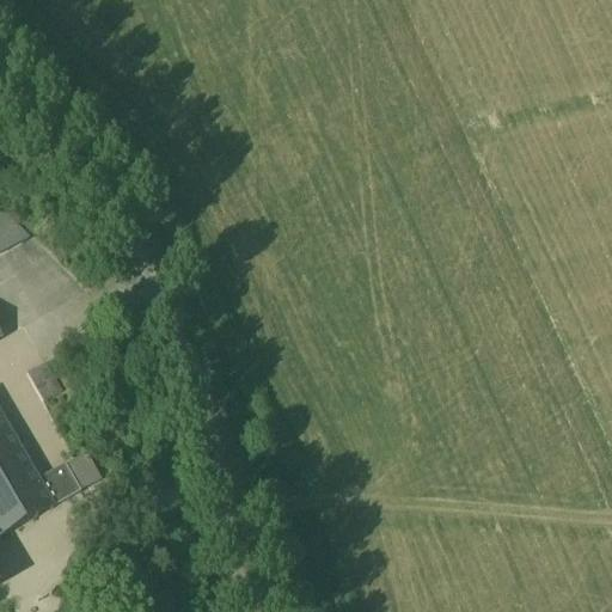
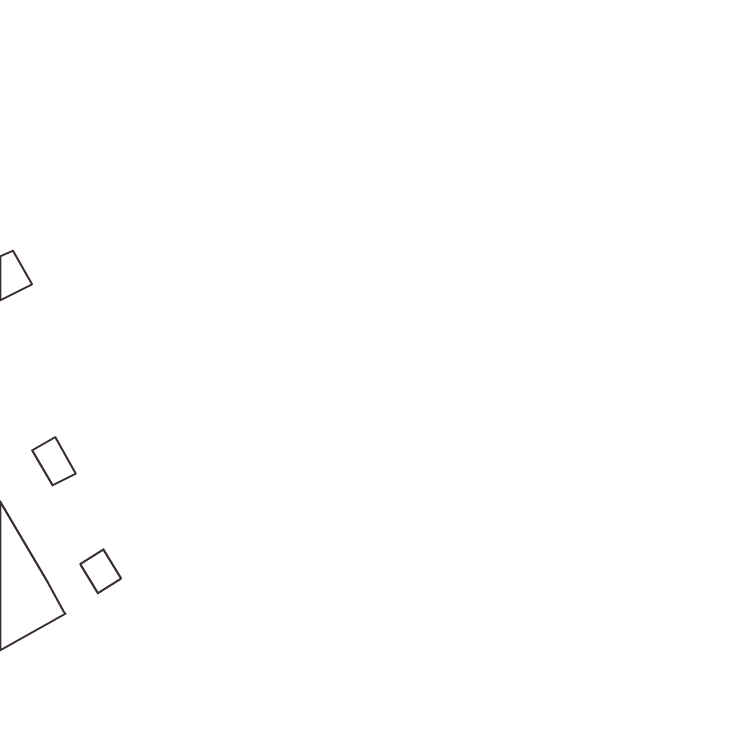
building: [39,463,80,502] -> none

